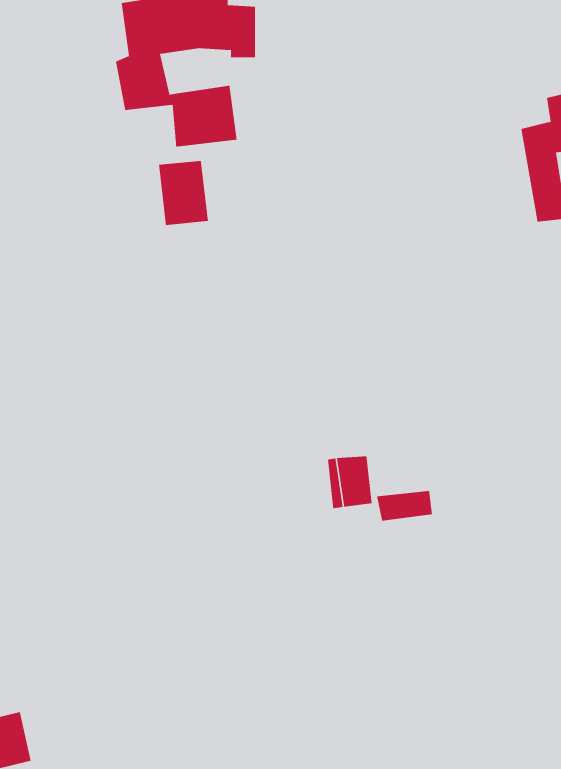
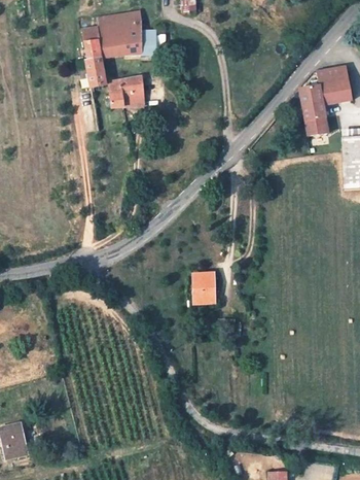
building: [158,160,208,226] -> none
building: [377,490,432,522] -> none

